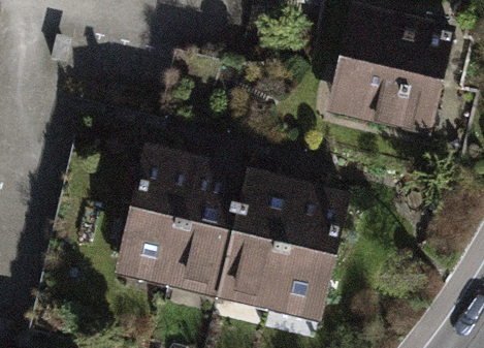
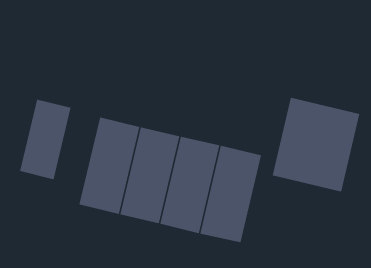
building: [338,21,448,138] -> [272,97,360,192]
building: none -> [20,99,71,180]

